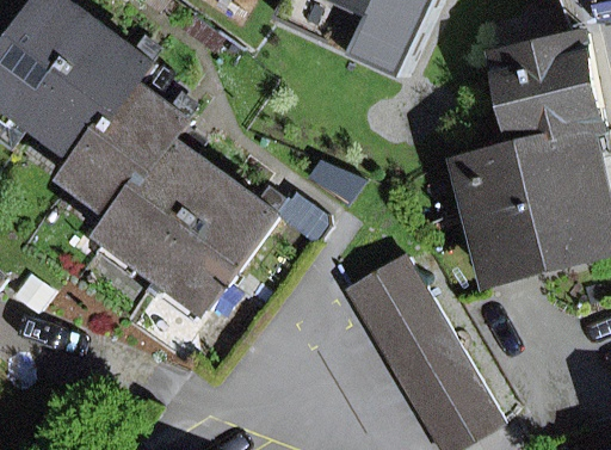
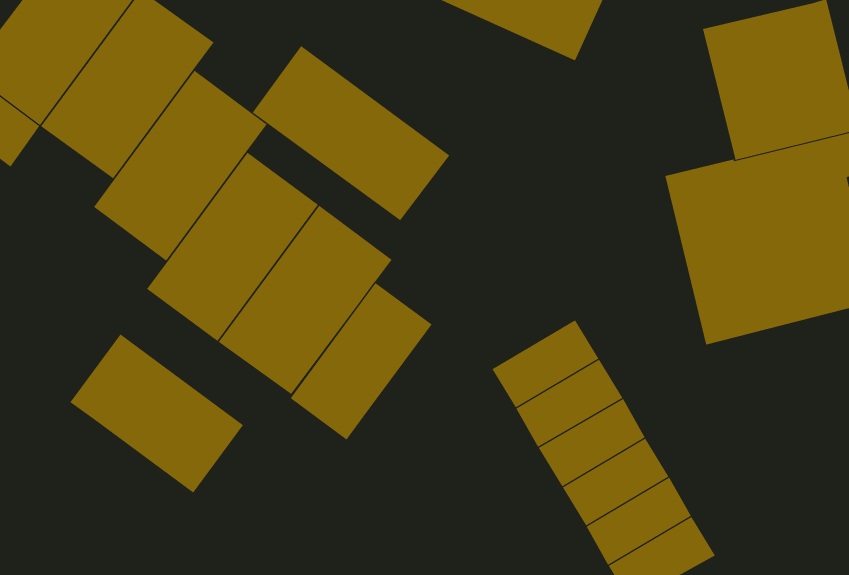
building: none -> [252,45,450,221]
building: none -> [290,282,432,440]
building: none -> [70,334,244,493]

